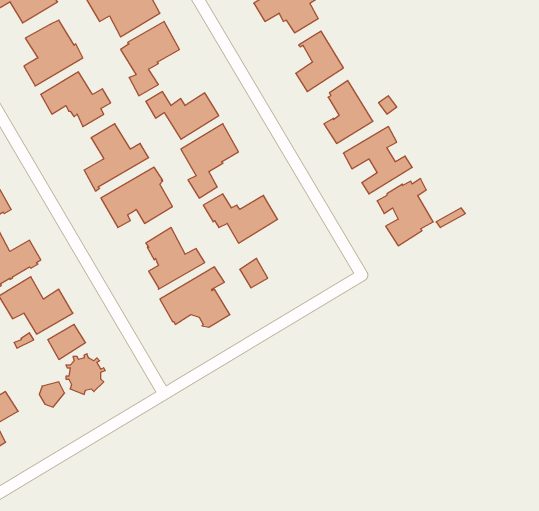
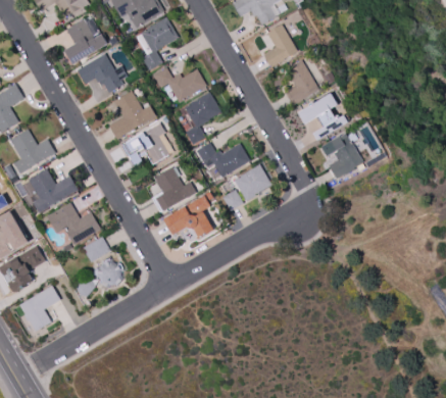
building: none -> [233,163,271,201]

